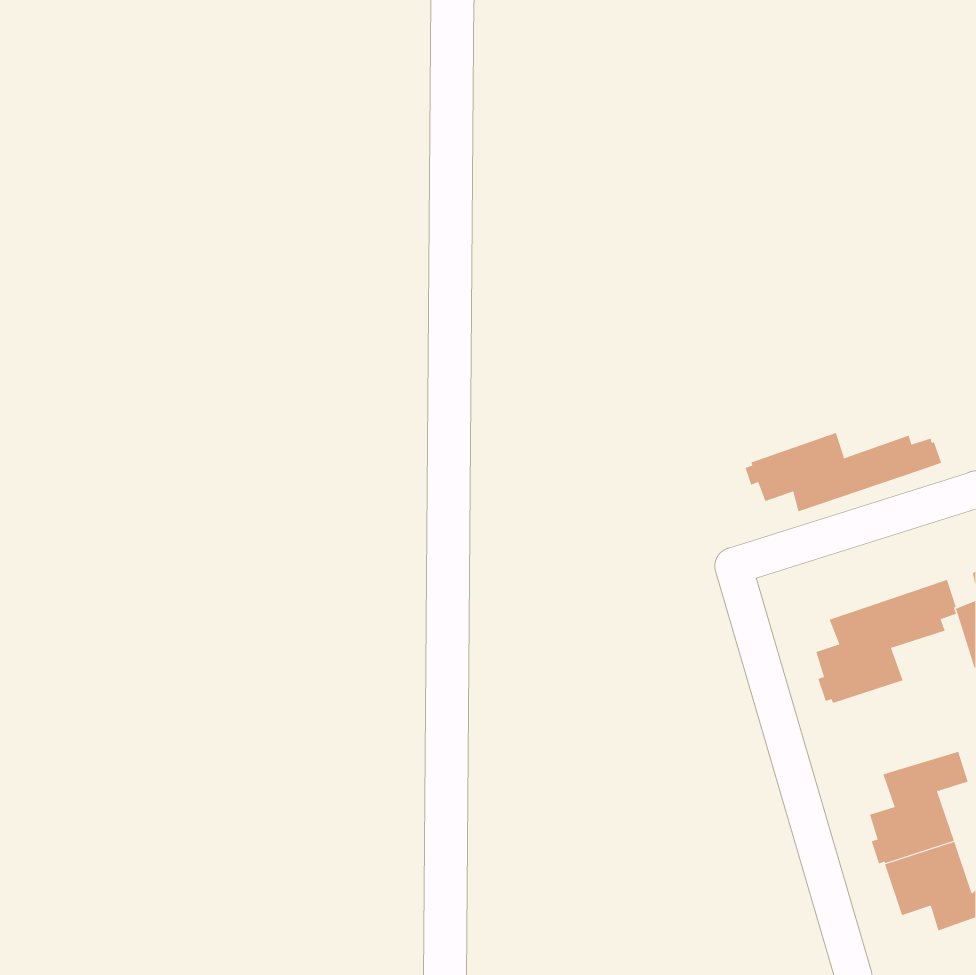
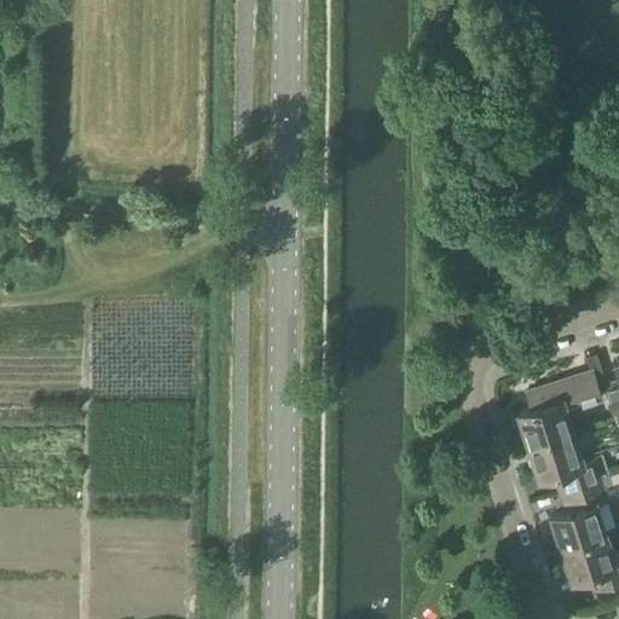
building: [745,432,942,512] -> none
building: none -> [527,432,607,491]

